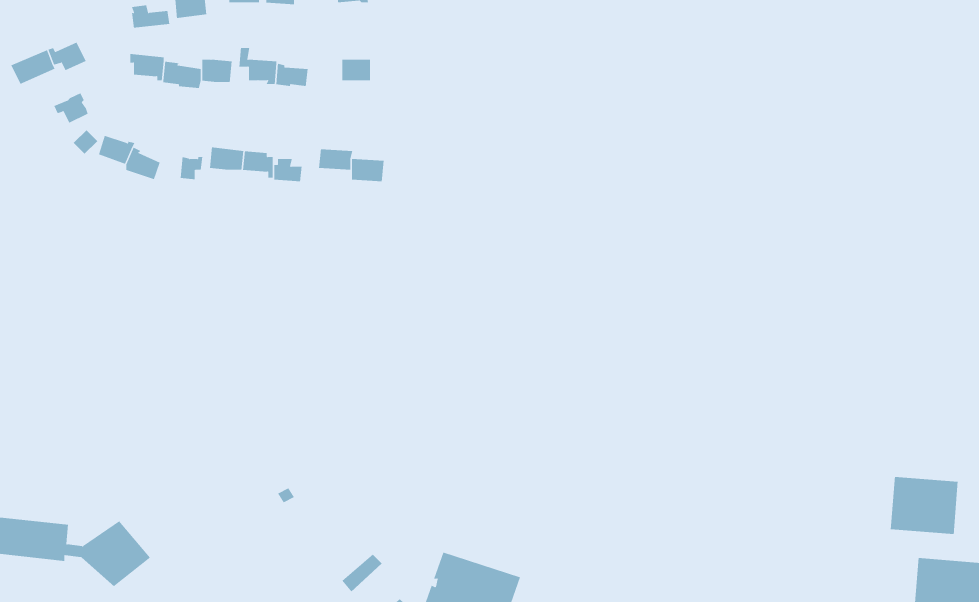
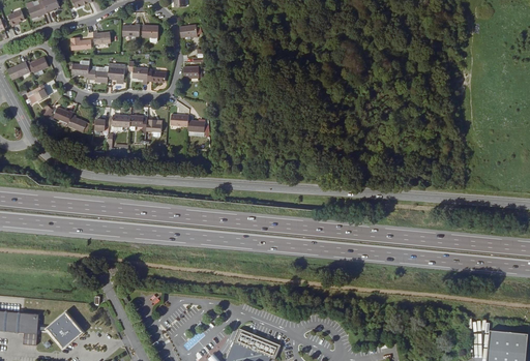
building: [890,476,958,535] -> none

